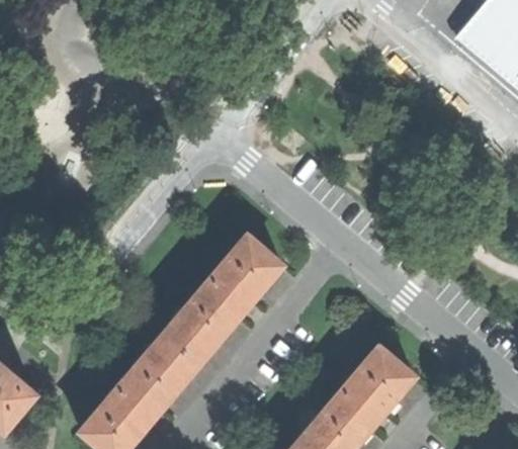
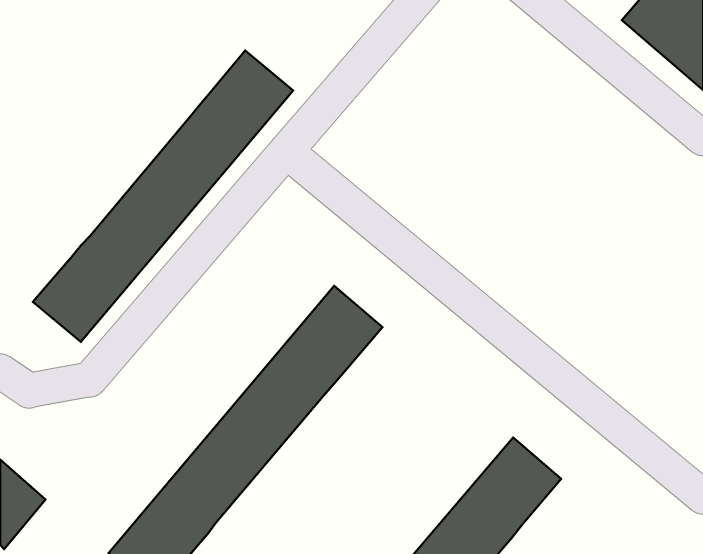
building: none -> [33,50,293,342]

